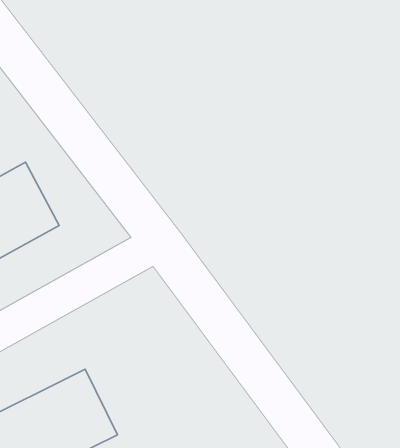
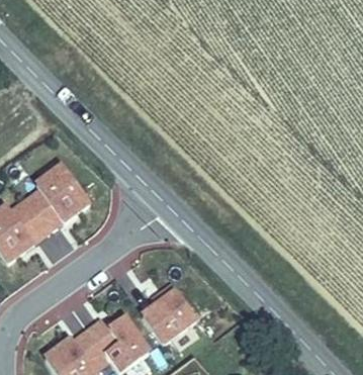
building: none -> [135,284,198,346]

